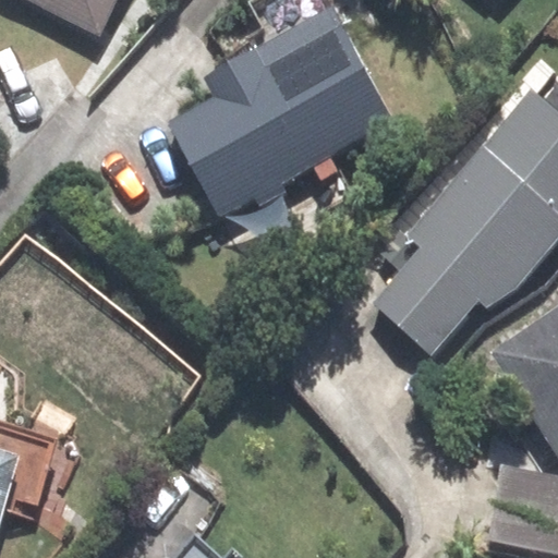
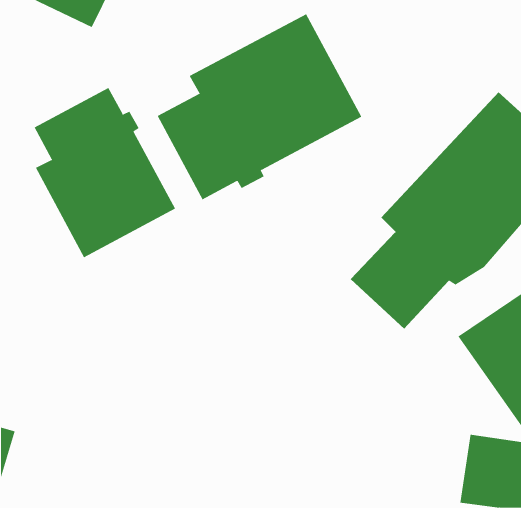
building: none -> [34,87,176,258]

